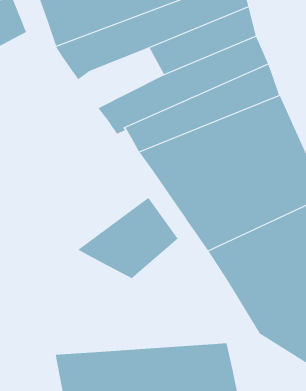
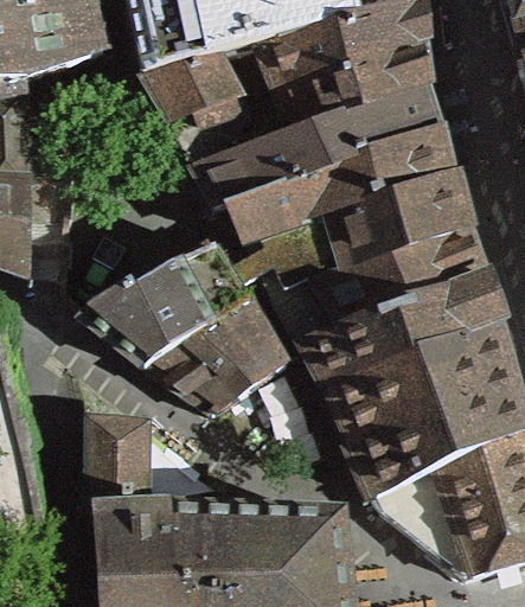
building: none -> [174,91,296,168]
building: none -> [83,238,254,365]
building: none -> [95,420,152,512]

